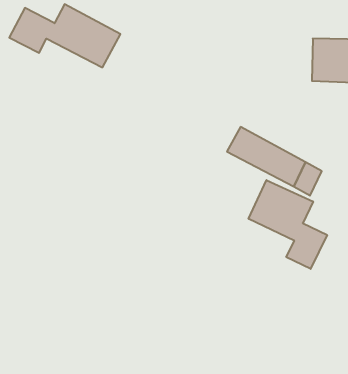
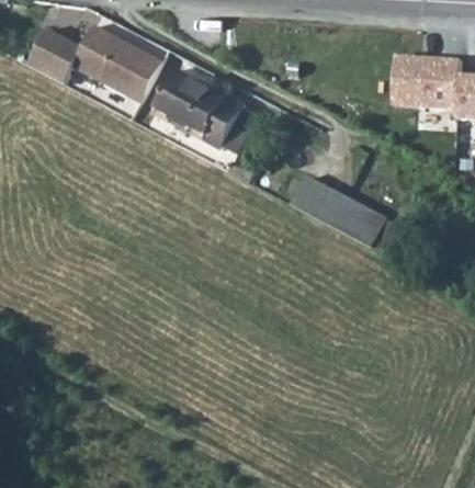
building: none -> [150,61,255,146]
building: [249,180,327,269] -> none

